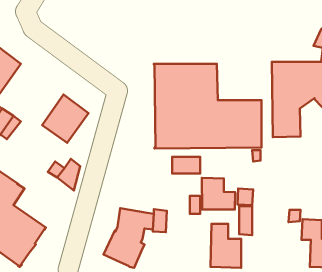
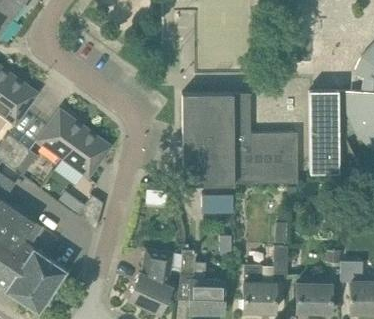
building: none -> [36,108,84,159]
building: [202,178,235,210] -> none
building: none -> [188,279,224,312]
building: none -> [296,283,331,311]

